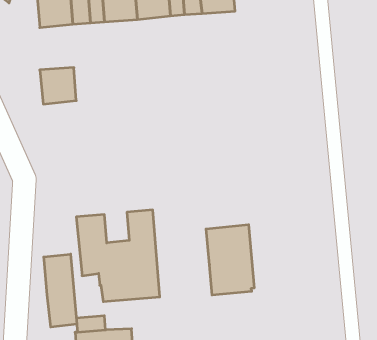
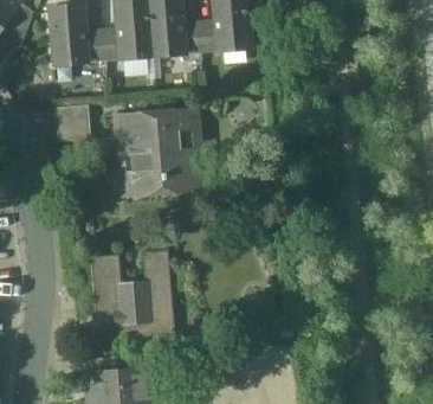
building: none -> [116,110,198,188]
building: [206,225,254,295] -> none
building: [44,254,77,327] -> none

